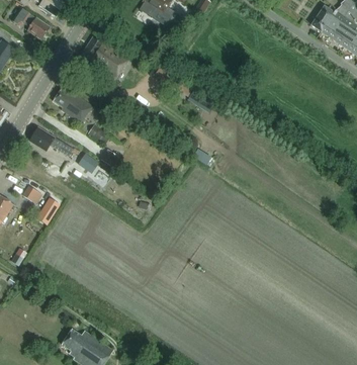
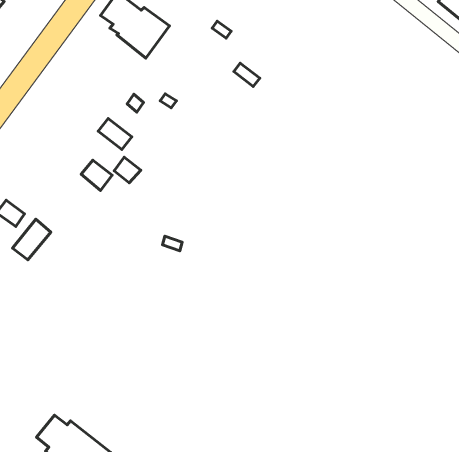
building: [54,87,92,122] -> none
building: [29,126,74,157] -> none

